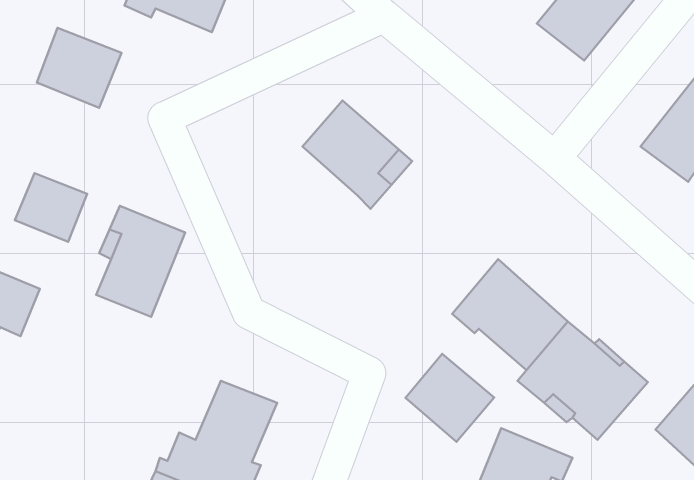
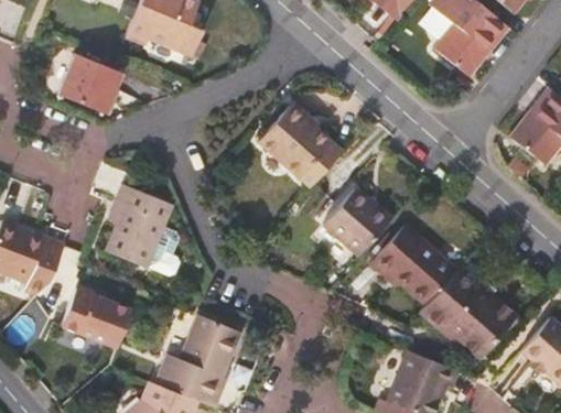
building: [15,173,87,242] -> none
building: none -> [323,187,391,256]
building: none -> [63,285,133,348]
building: [405,354,494,442] -> none

